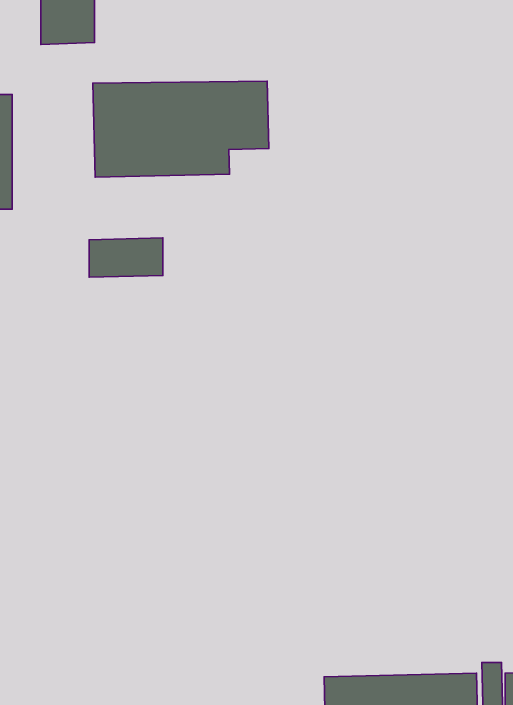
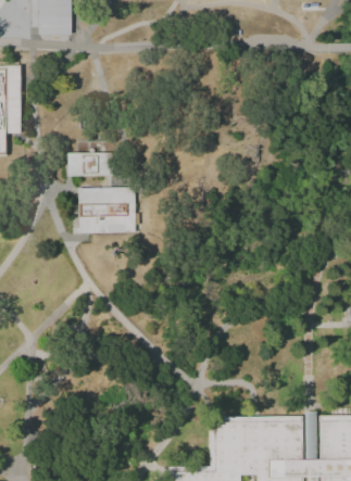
building: [93,81,269,177] -> none
building: none -> [78,187,135,233]

